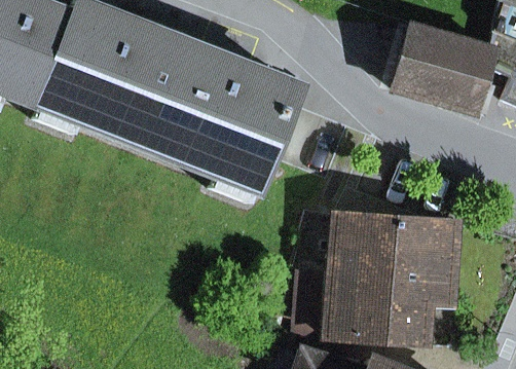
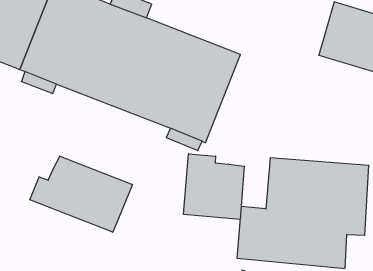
building: none -> [184,154,244,220]
building: none -> [30,156,132,232]

